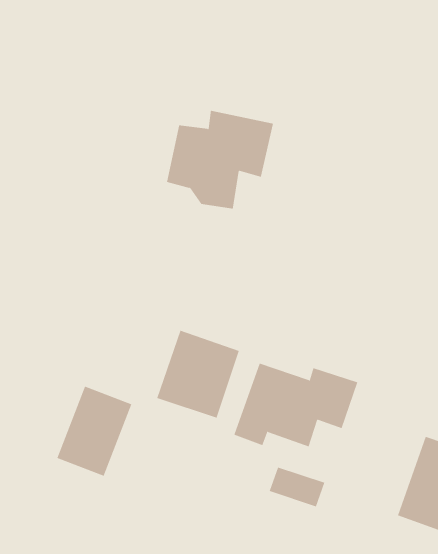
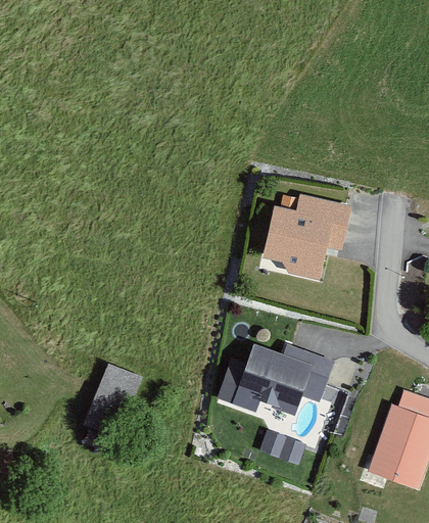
building: [166,110,274,209] -> [260,195,350,278]
building: [157,330,240,418] -> none

